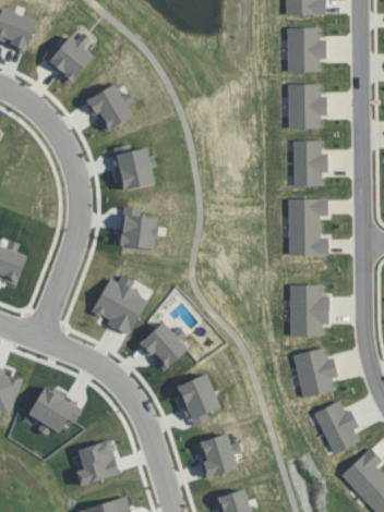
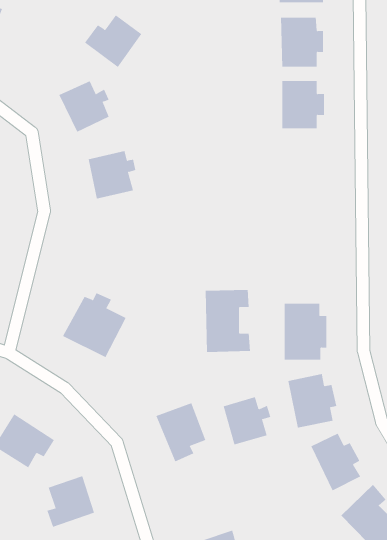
building: [40,35,93,83] -> [84,15,142,68]
building: [292,141,327,186] -> none
building: [287,198,328,255] -> [205,289,251,352]
building: [120,207,157,248] -> none
building: [139,321,187,369] -> none
building: [196,434,240,477] -> [223,397,271,445]

